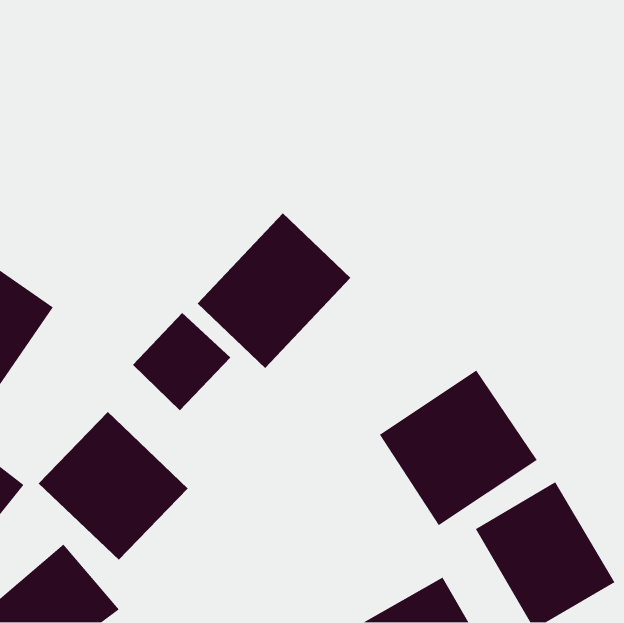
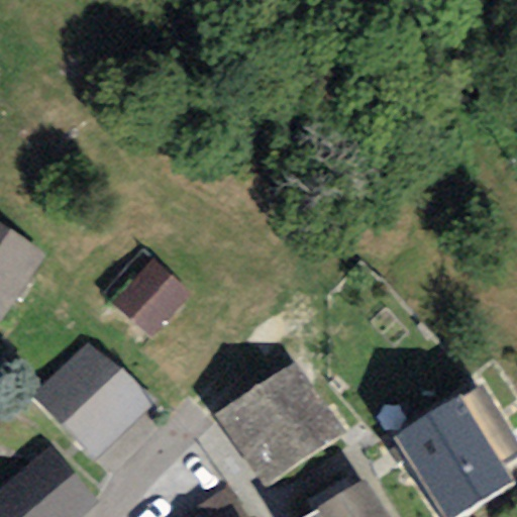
building: [197,212,351,369] -> none
building: [379,370,538,526] -> [214,358,345,488]

